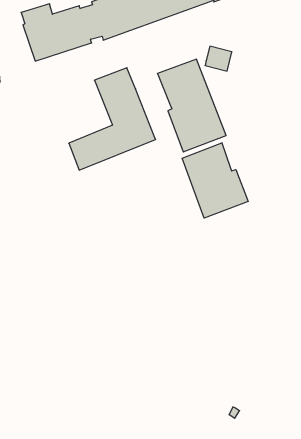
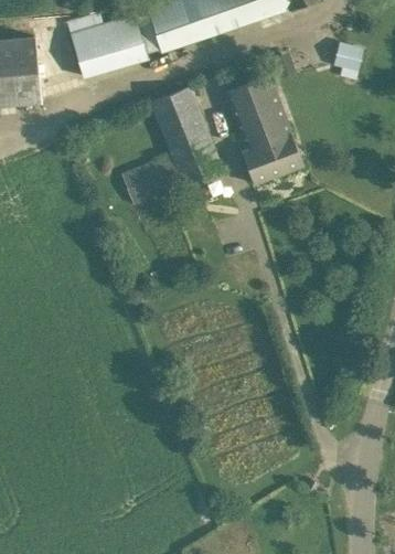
building: [205,46,232,71] -> [333,42,364,71]
building: [182,143,248,218] -> none

